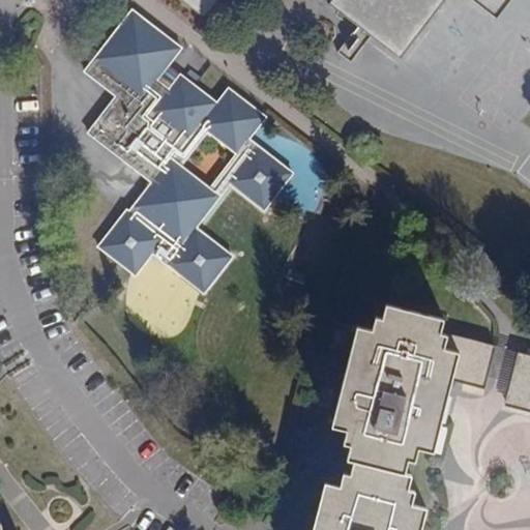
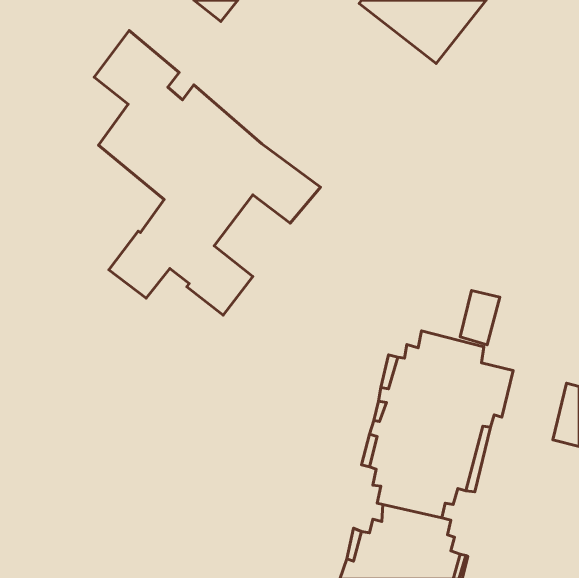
building: [118,12,179,67] -> none
building: [177,72,293,172] -> none
building: [459,340,495,389] -> [460,290,500,345]

